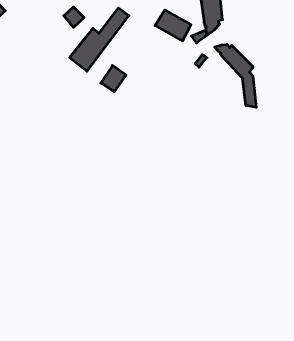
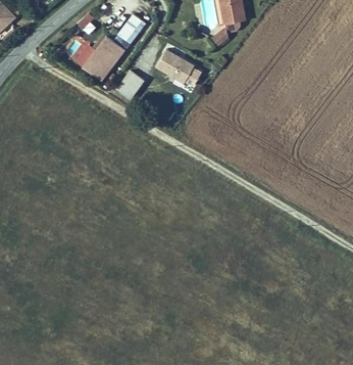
building: [155,10,191,41] -> [156,48,194,81]
building: [215,44,256,107] -> none

